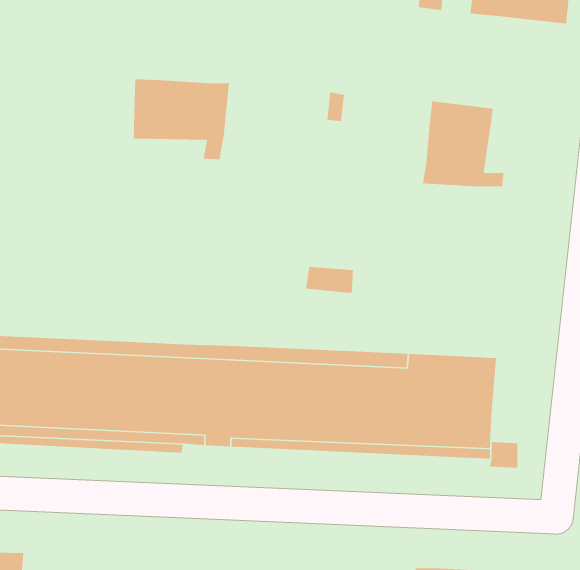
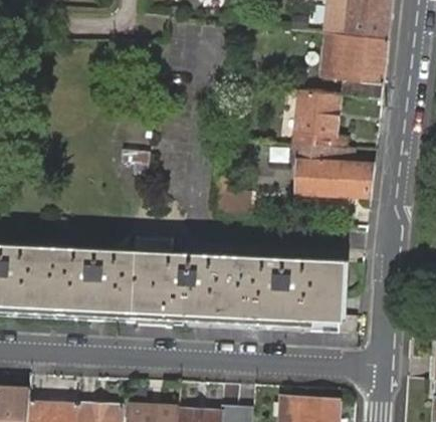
building: none -> [318,32,388,99]
building: [133,79,230,160] -> none
building: none -> [293,145,374,195]

